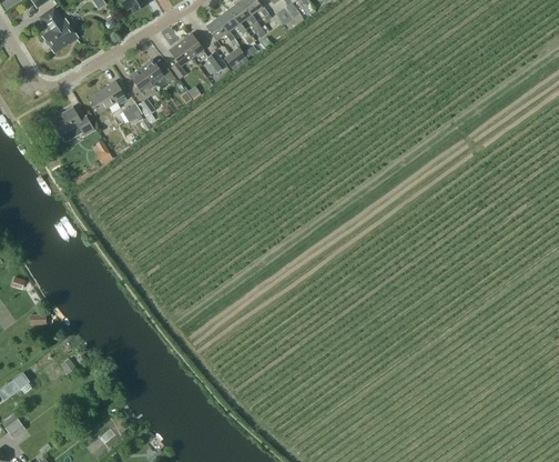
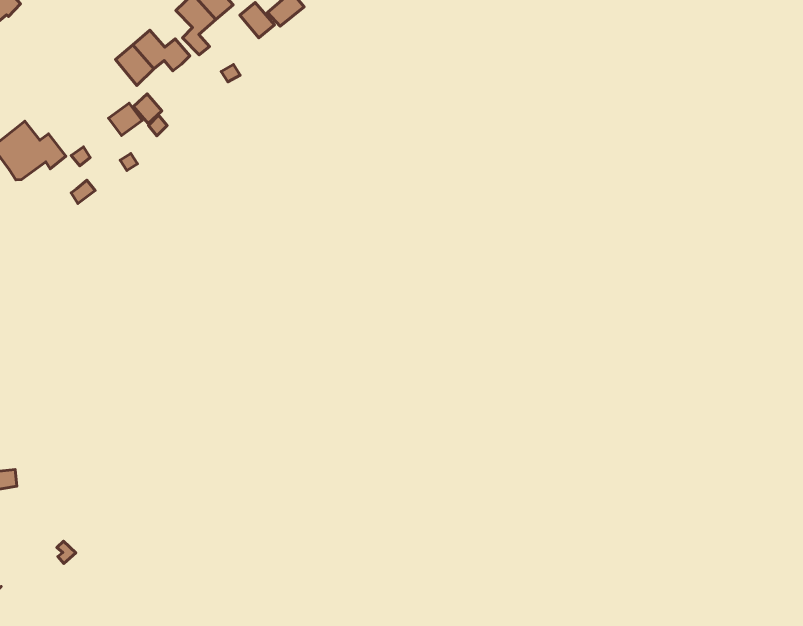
building: [88,81,126,113] -> none

